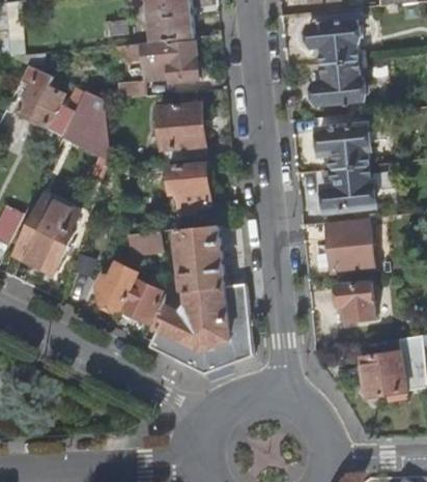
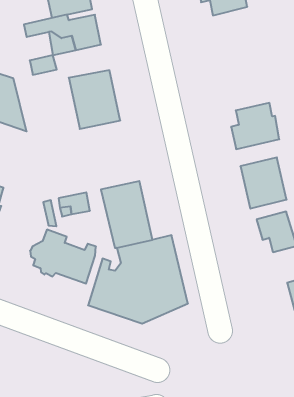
building: [310,58,362,105] -> none
building: [315,120,366,165] -> none
building: [166,165,208,208] -> none

